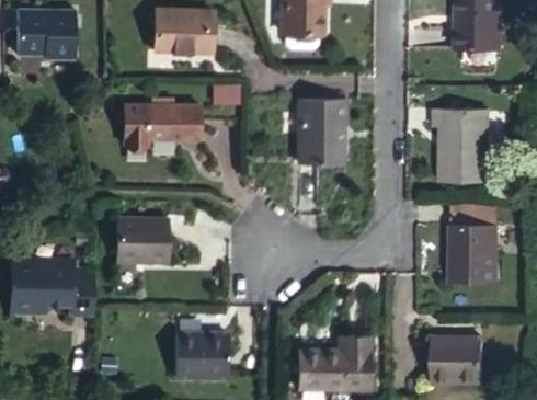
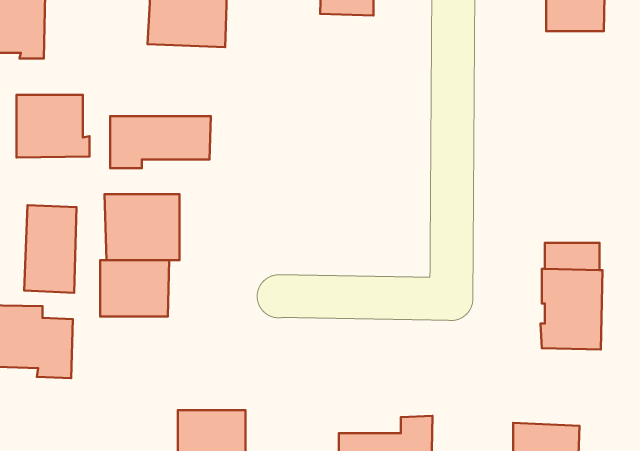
building: none -> [16,95,89,158]
building: [296,98,345,163] -> none
building: [431,107,485,181] -> none
building: none -> [105,194,180,260]
building: none -> [24,205,76,293]

